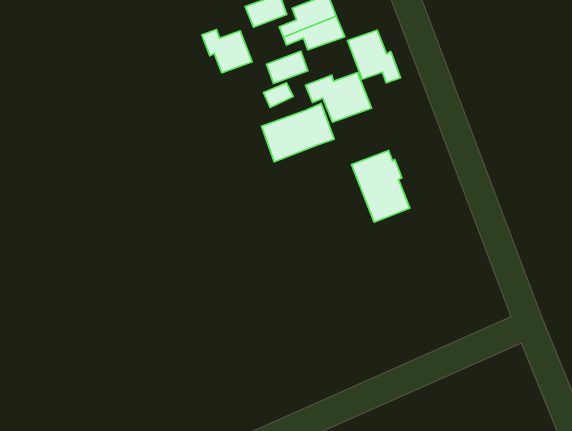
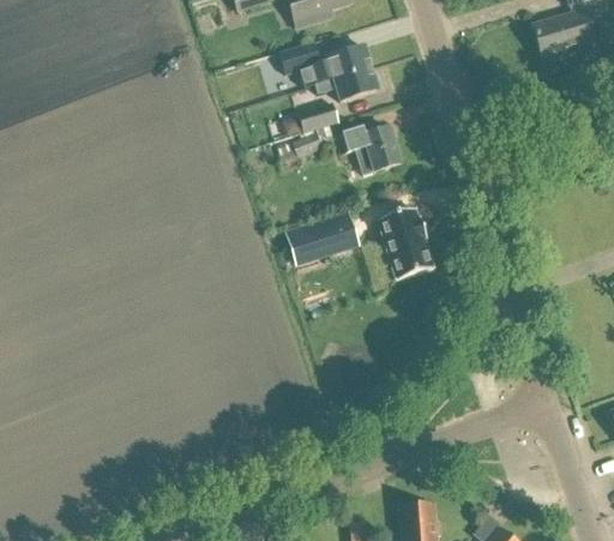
building: [202,30,252,73] -> none
building: [347,30,401,83] -> none
building: [261,104,334,162] -> [285,209,359,265]

